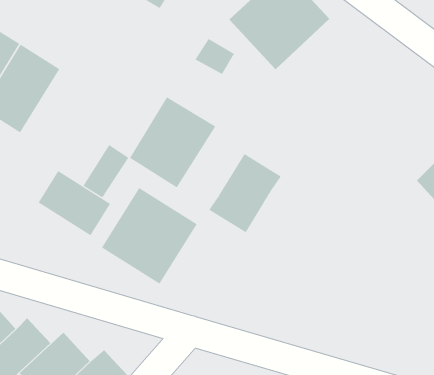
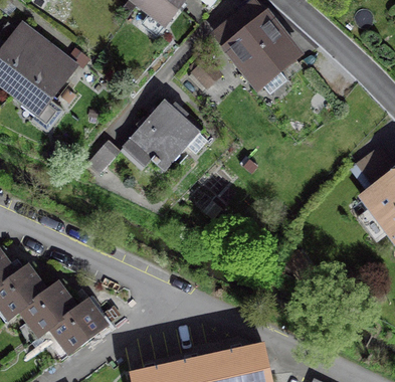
building: [209,153,282,233] -> none
building: [38,170,111,236] -> none
building: [101,187,198,285] -> none

